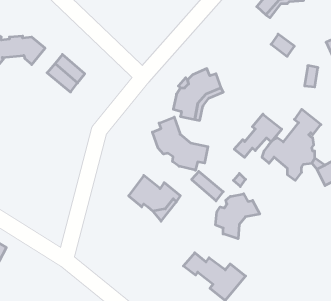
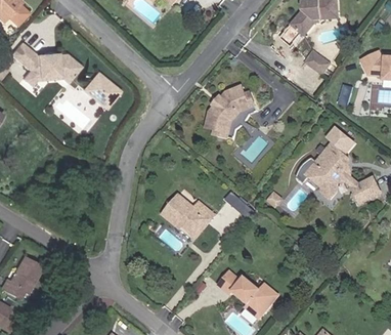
building: [234,114,282,157] -> none
building: [152,117,208,170] -> none
building: [216,194,260,239] -> none

